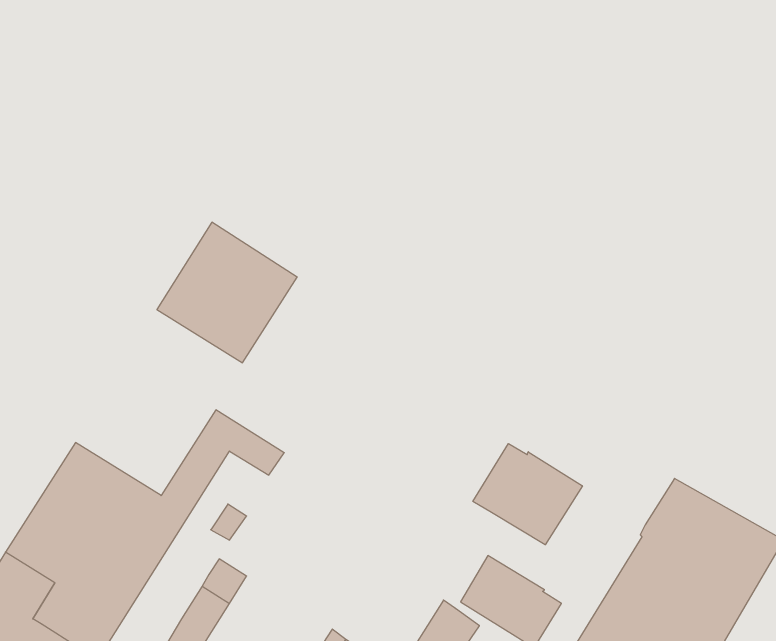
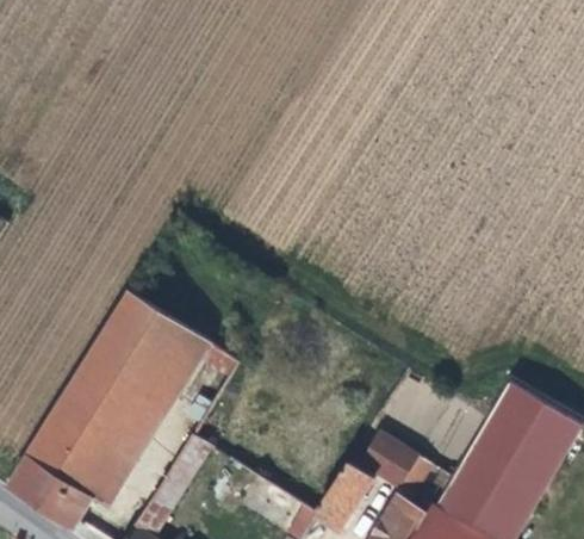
building: [157,222,297,363] -> [91,293,188,391]
building: [473,444,582,545] -> none

